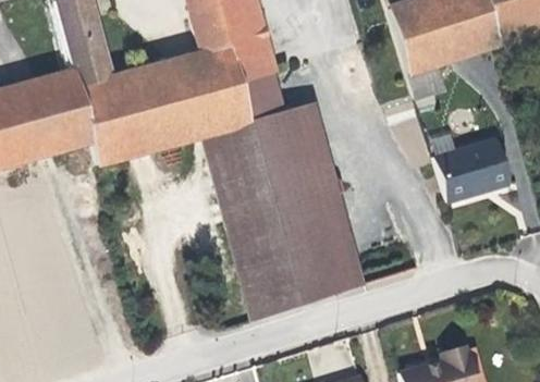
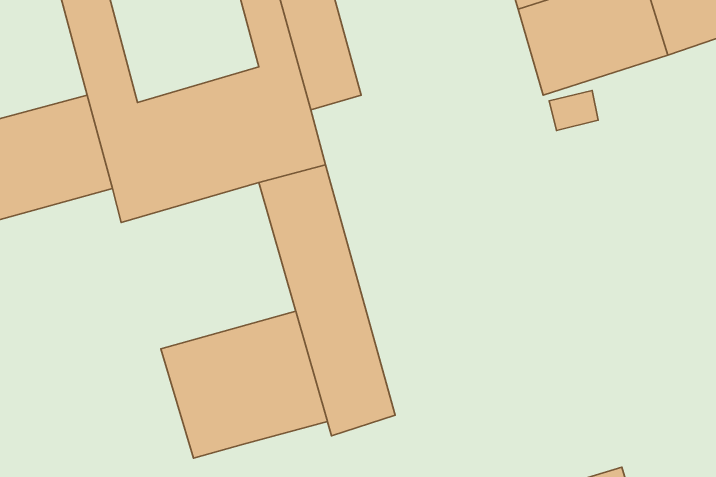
building: [238,72,365,307] -> none
building: [434,137,512,201] -> none
building: none -> [161,311,327,458]

